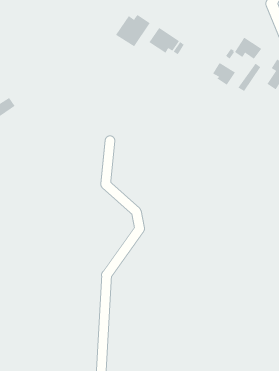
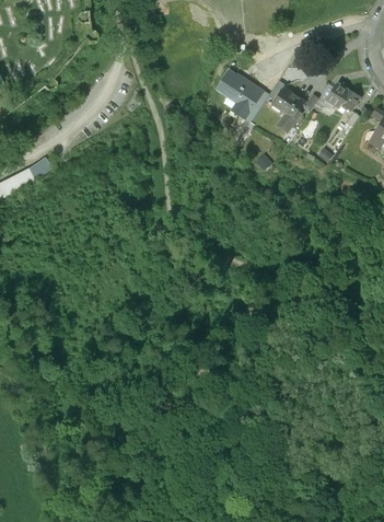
building: [115,14,151,47] -> none
building: [212,62,236,86] -> [277,90,306,119]

